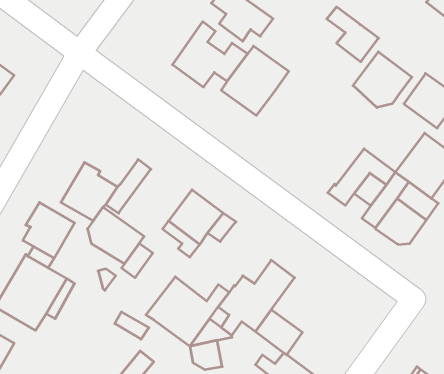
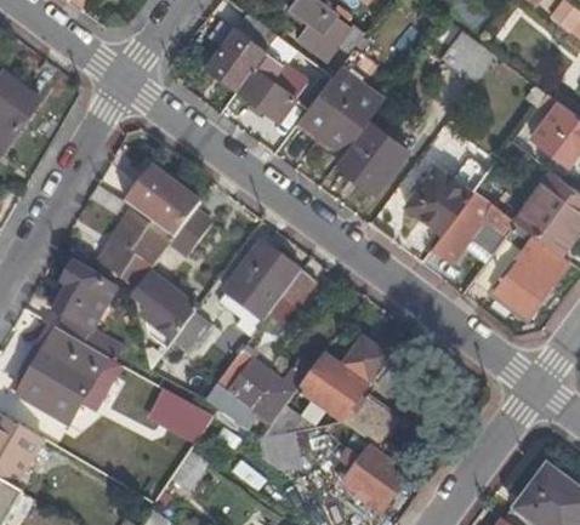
building: none -> [206,13,275,89]
building: [353,52,412,108] -> none
building: none -> [332,122,403,193]
building: none -> [124,164,200,236]
building: none -> [404,166,471,235]

